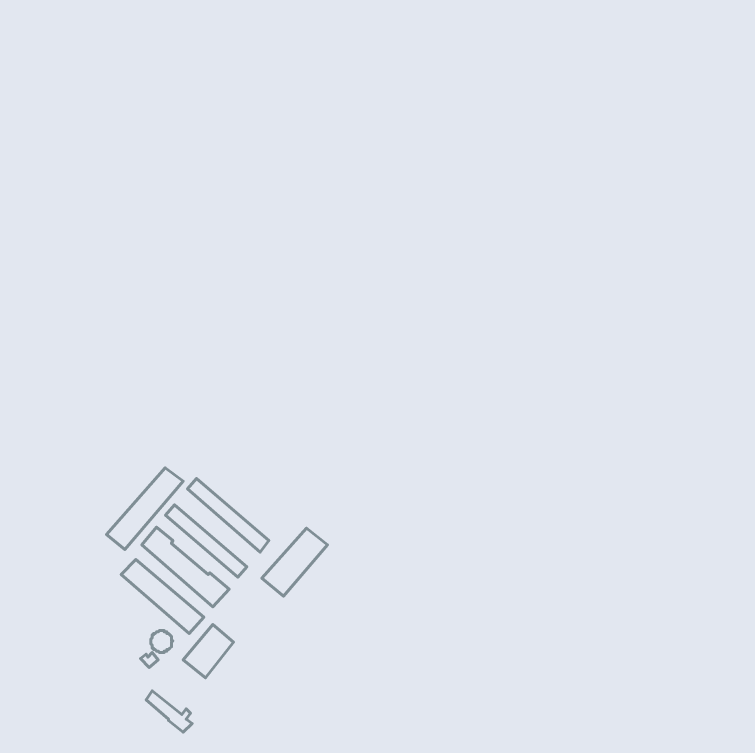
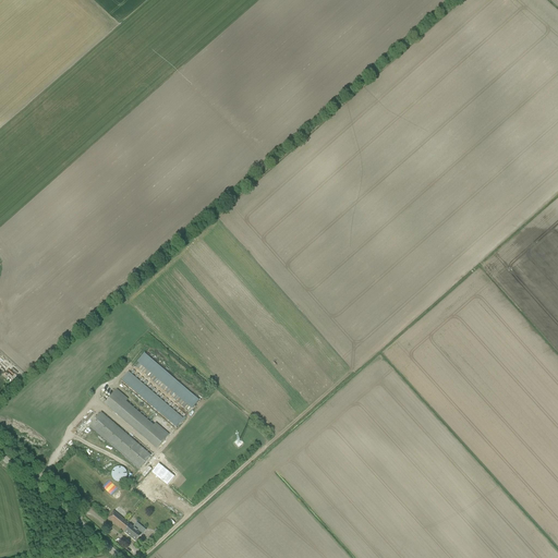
building: [107,468,183,549] -> none
building: [262,528,327,596] -> none

